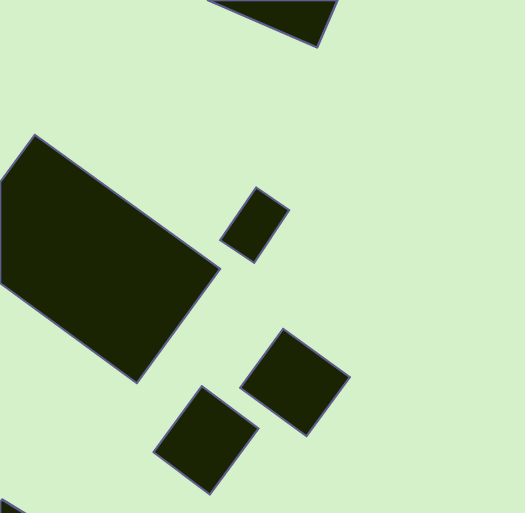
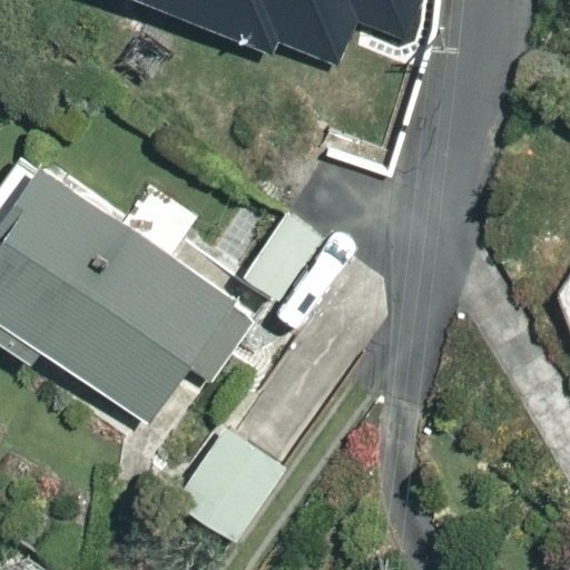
building: [240,329,350,436] -> none

